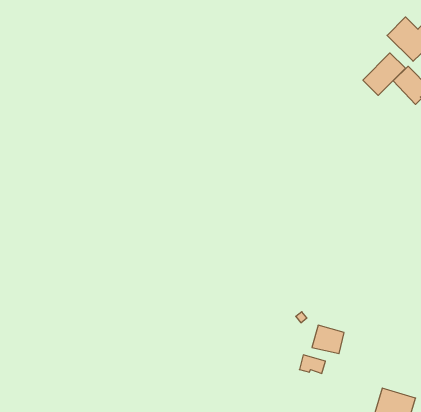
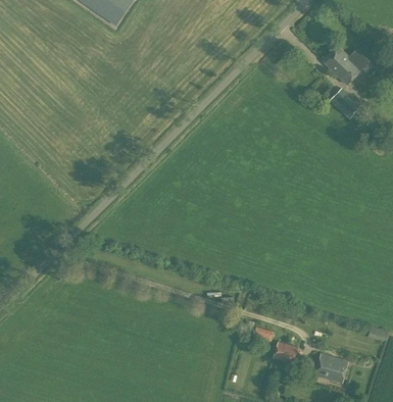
building: [363,53,405,95] -> none
building: [312,325,344,354] -> [273,341,299,364]

